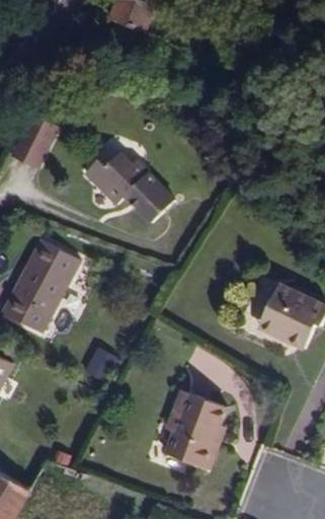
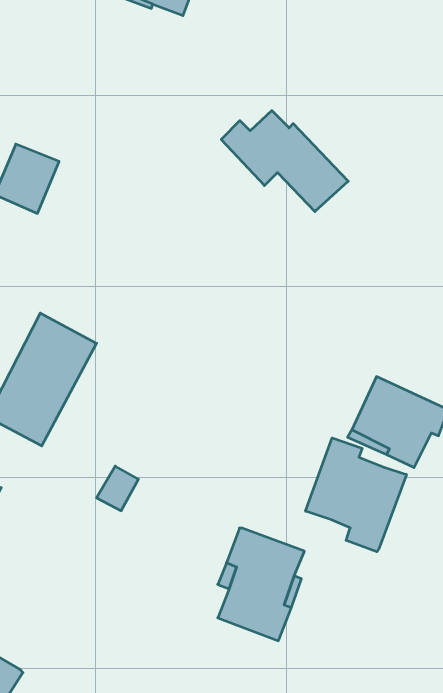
building: [85,150,174,221] -> [221,111,348,212]
building: none -> [306,438,406,552]

